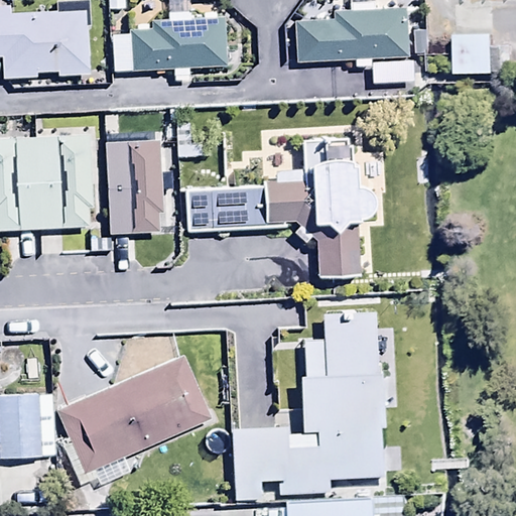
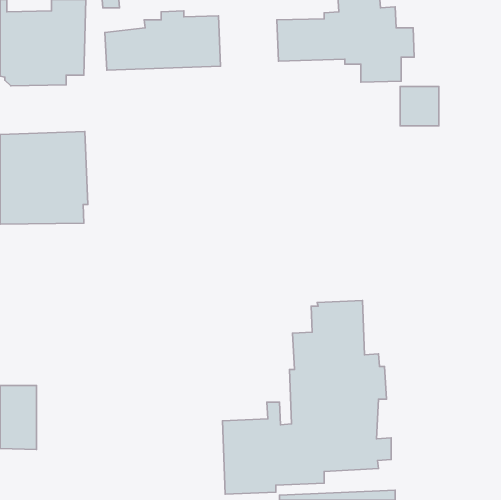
building: [455,36,494,77] -> [400,86,439,126]
building: [185,138,373,278] -> none
building: [107,140,163,234] -> none
building: [56,354,212,488] -> none

